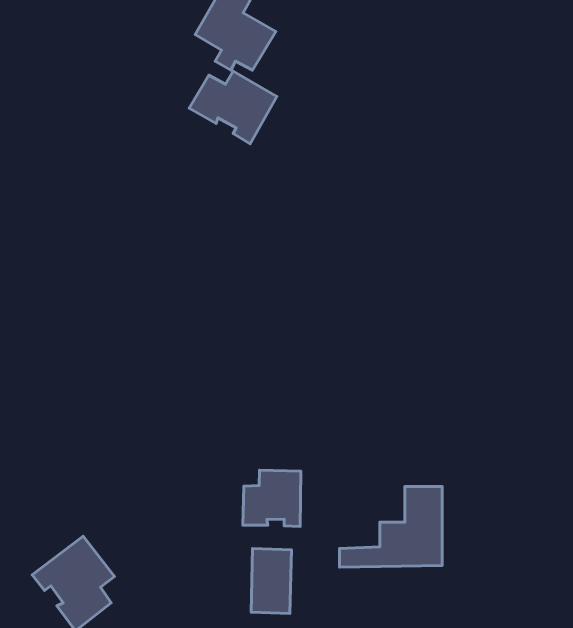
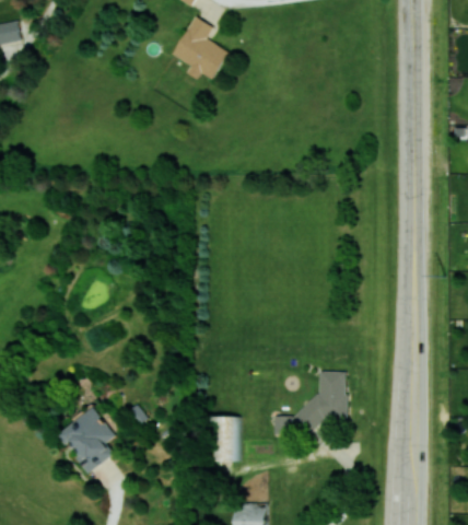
building: [189,71,277,144] -> none
building: [243,470,301,527] -> none

